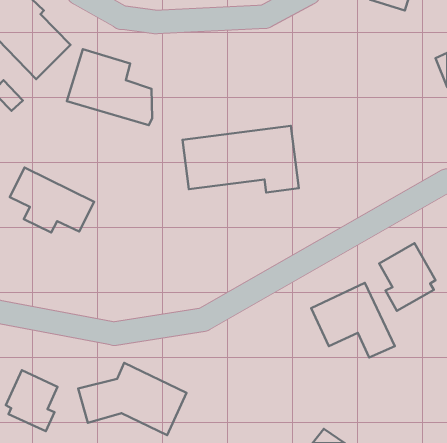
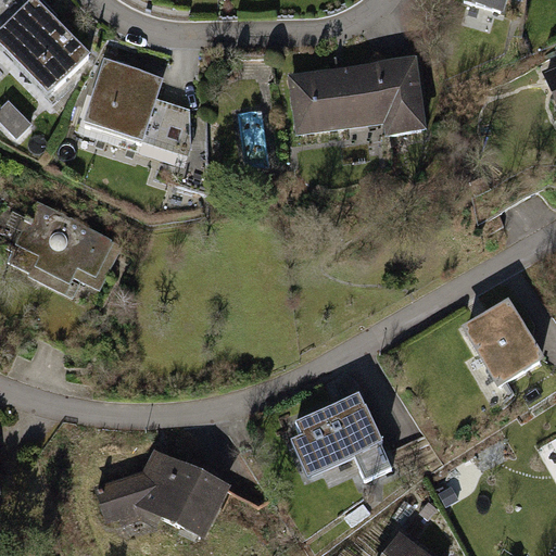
building: [183,126,299,193] -> [282,56,426,139]
building: [311,283,395,358] -> [294,388,397,480]
building: [6,370,57,431] -> none

